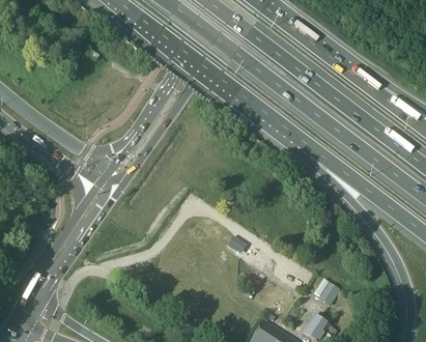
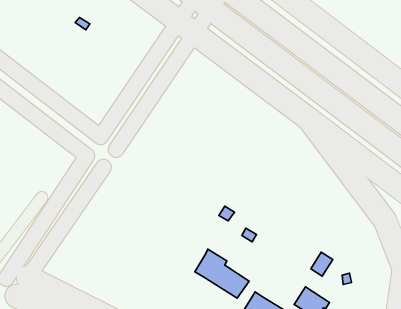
building: none -> [195,249,249,298]

